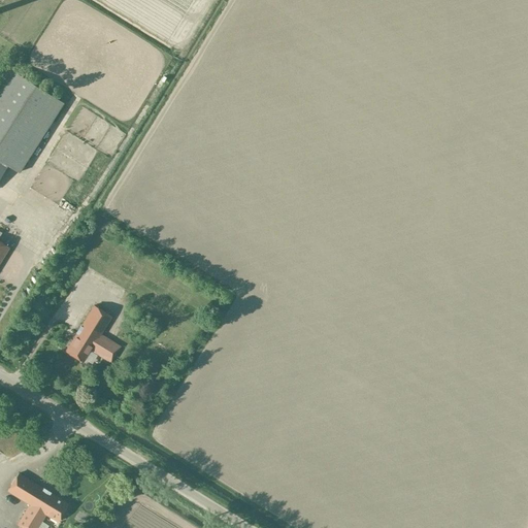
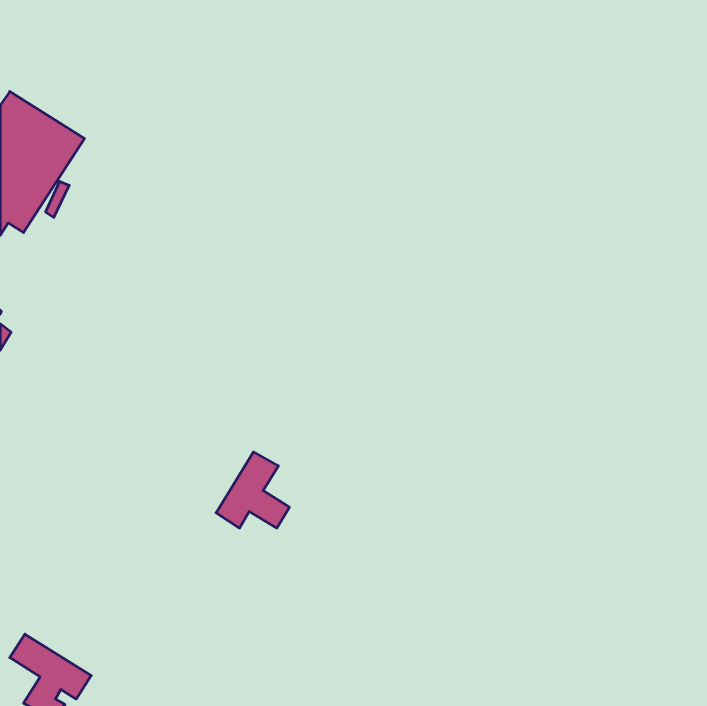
building: [65,306,120,363] -> [216,452,289,528]

